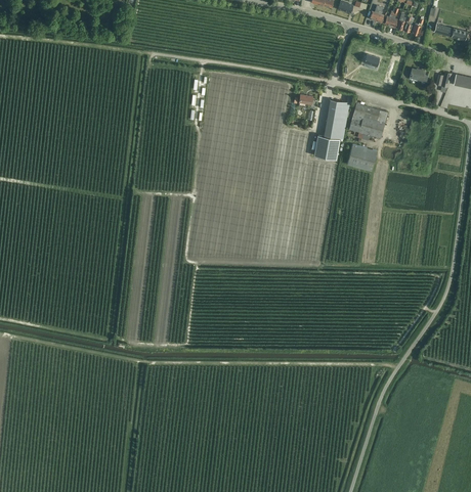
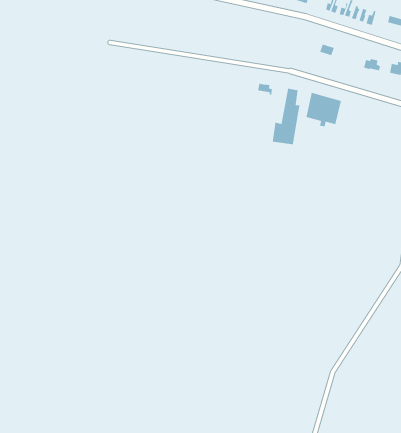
building: [348,145,378,171] -> none

